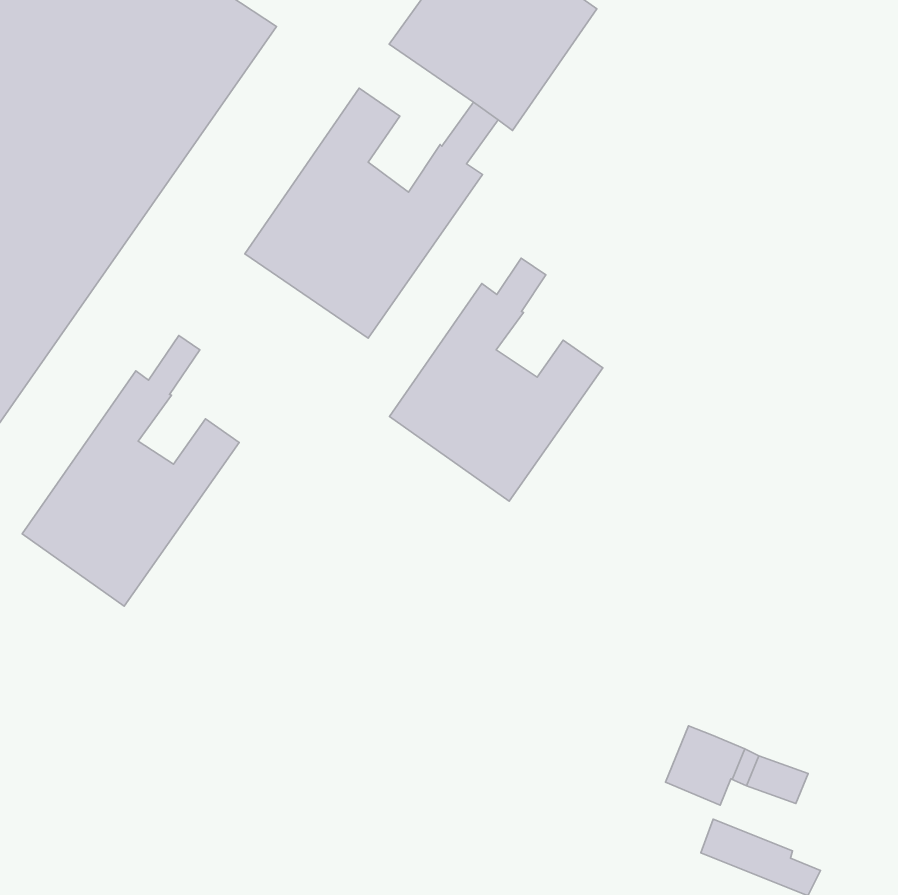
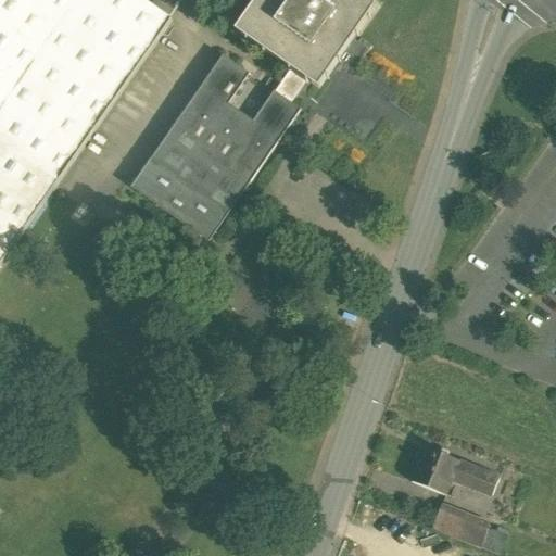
building: none -> [131,156,227,238]
building: [390,258,603,501] -> none
building: [22,335,239,606] -> none

